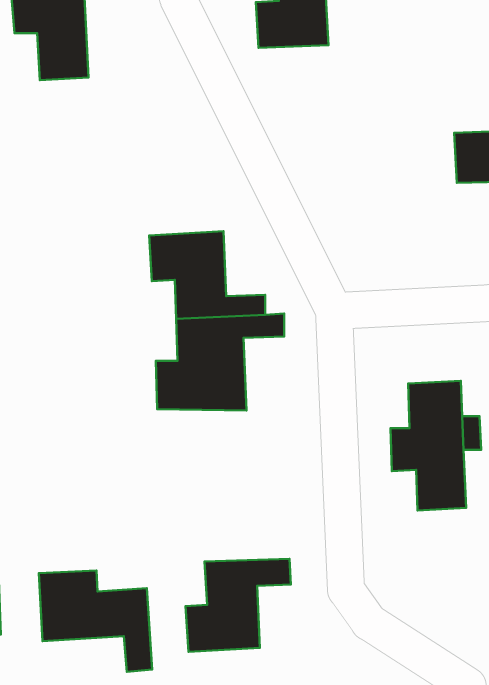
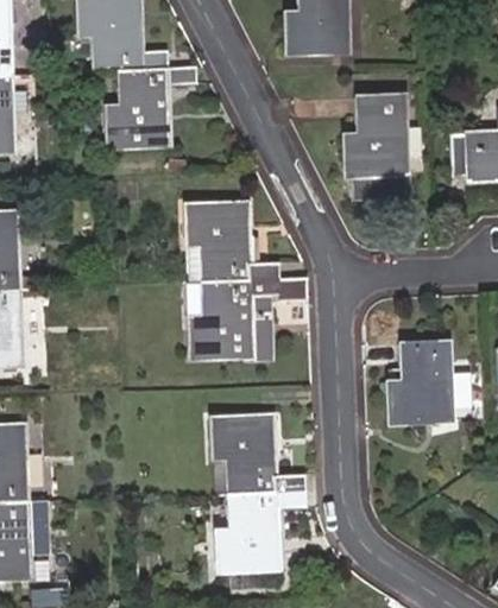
building: none -> [90,69,183,152]
building: none -> [343,87,408,170]
building: none -> [209,417,305,498]
building: [39,570,152,672] -> none

